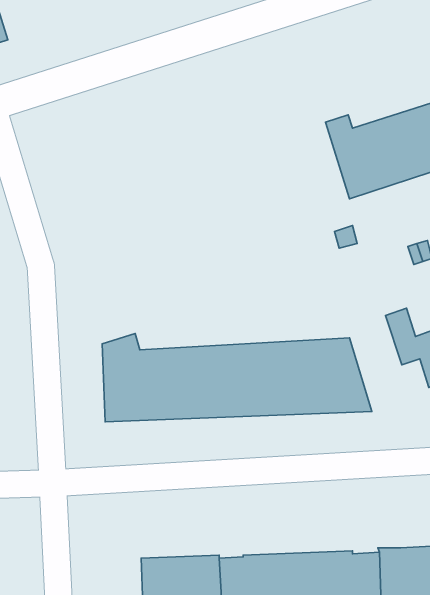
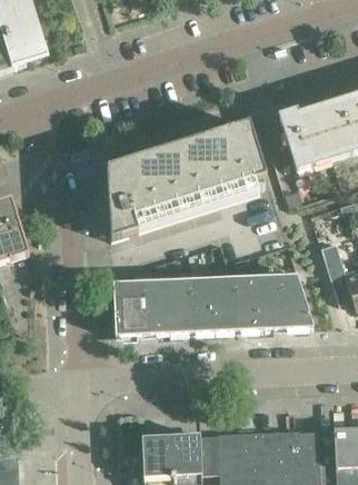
building: none -> [108,123,267,240]

